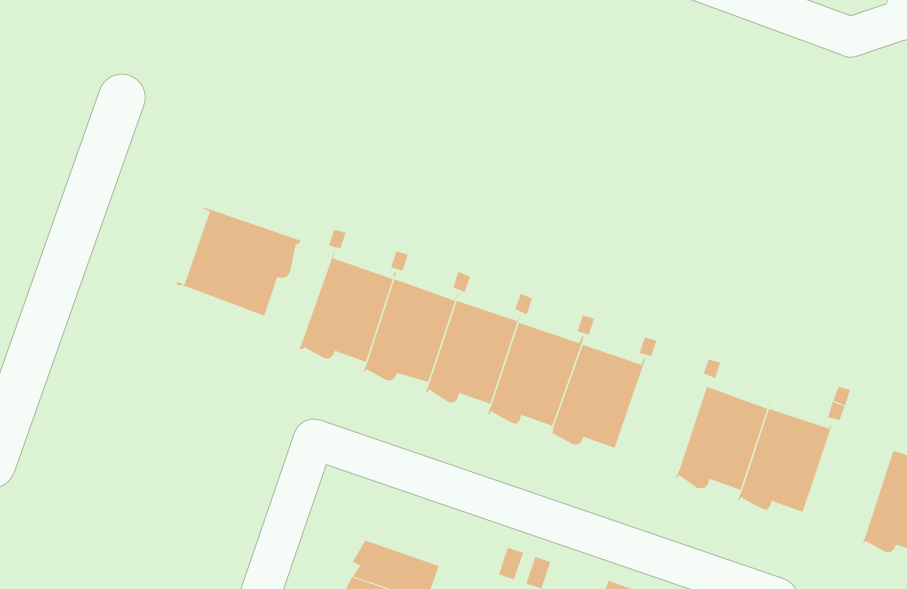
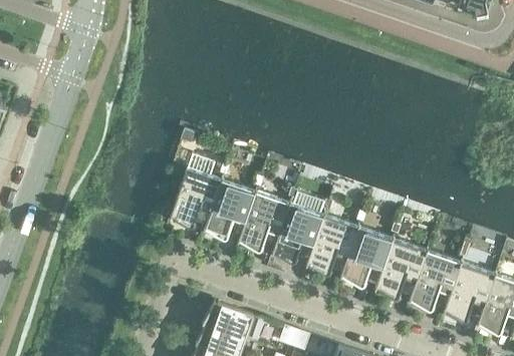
building: [176,207,301,317] -> none
building: none -> [342,227,395,284]
building: none -> [445,263,497,320]
building: none -> [206,301,265,341]

